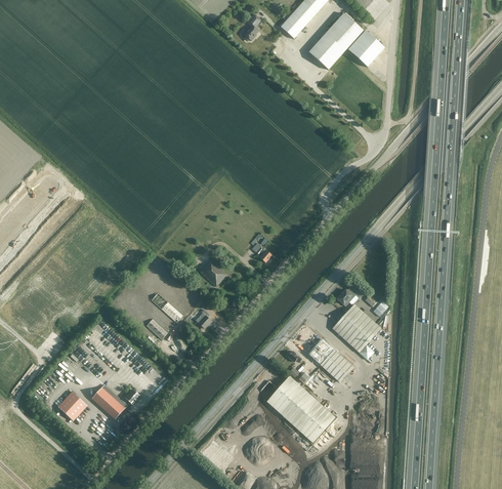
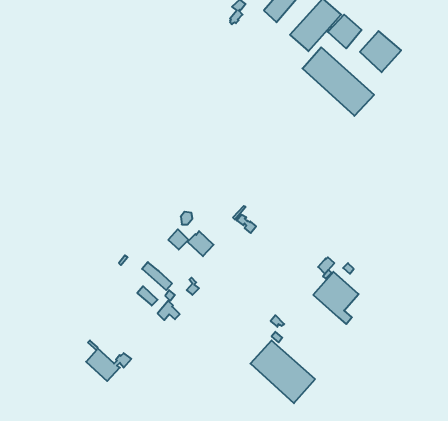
building: none -> [360,31,401,72]
building: none -> [302,47,374,116]
building: [307,338,352,381] -> none
building: [57,391,87,419] -> none

